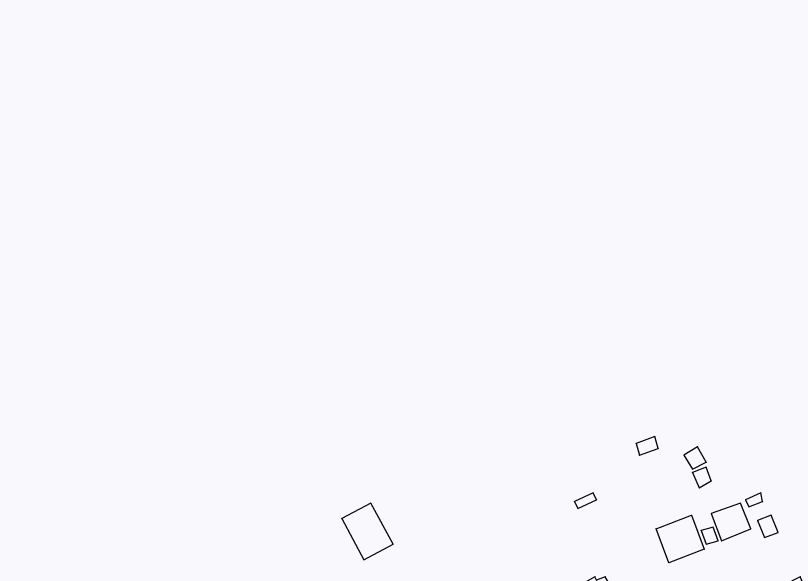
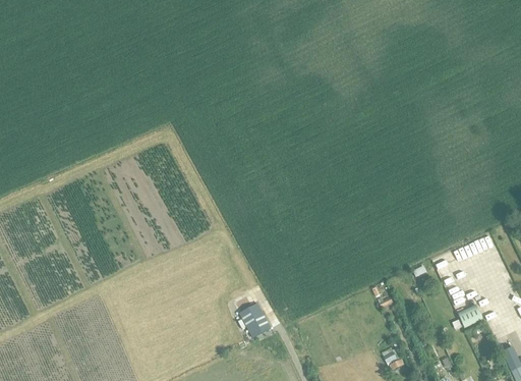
building: [656,515,704,563] -> none

